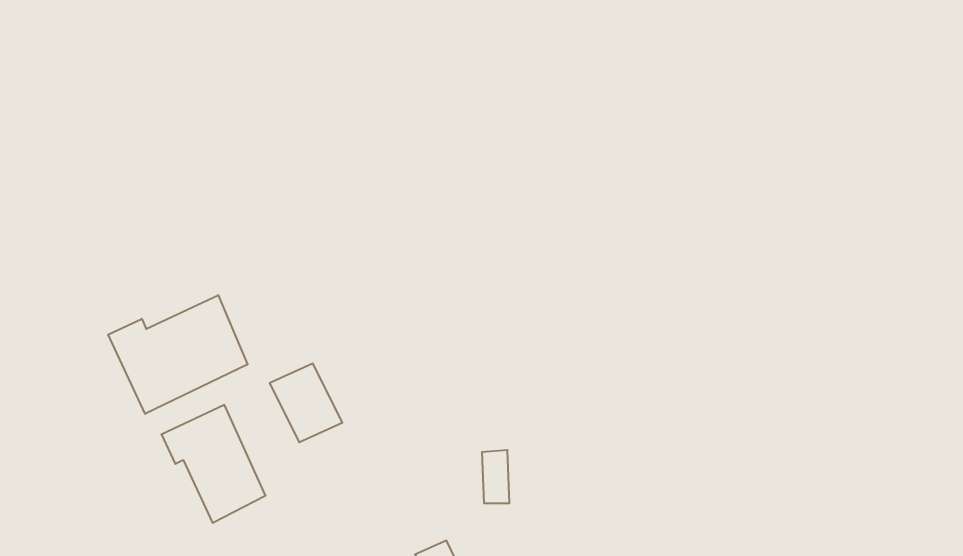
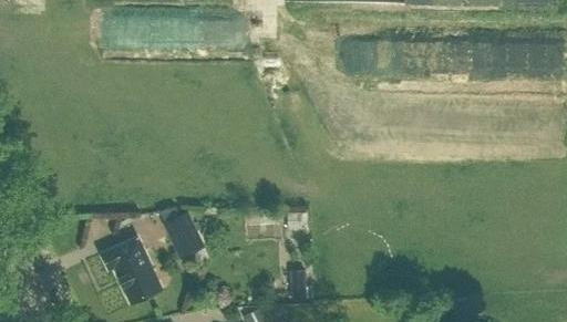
building: [108,295,248,414] -> none

